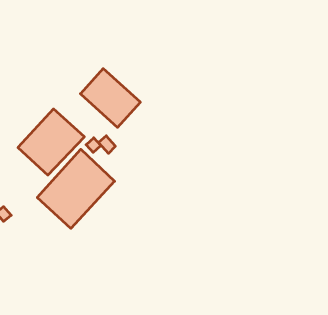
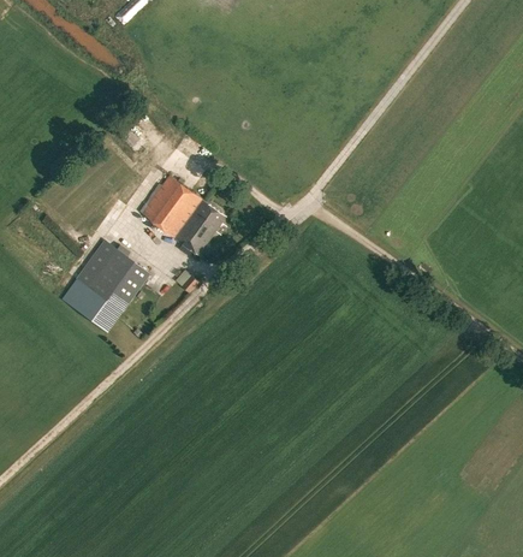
building: [37,149,115,228] -> none

